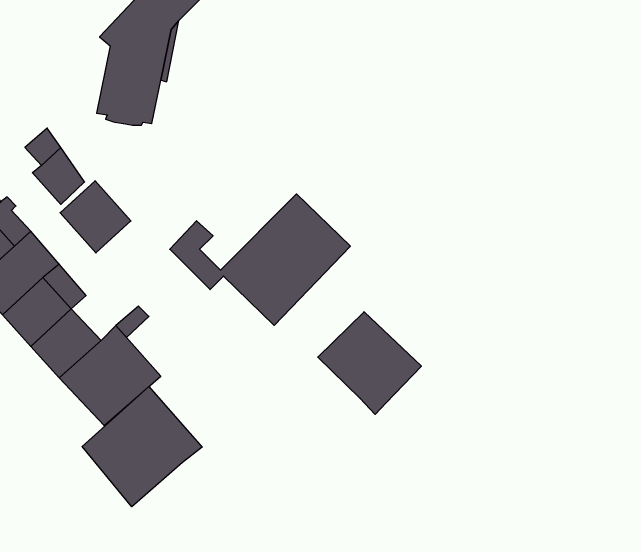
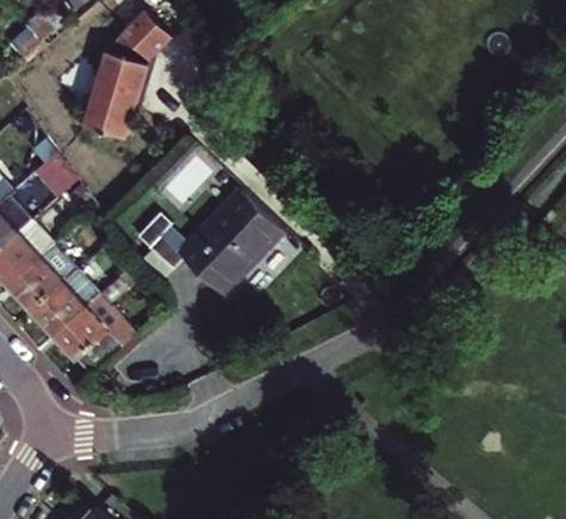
building: [60,181,131,253] -> none
building: [318,312,421,414] -> none
building: [82,387,202,507] -> none

